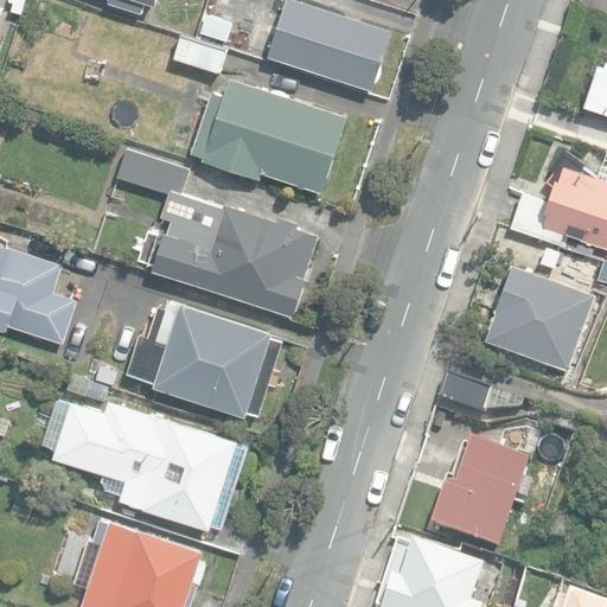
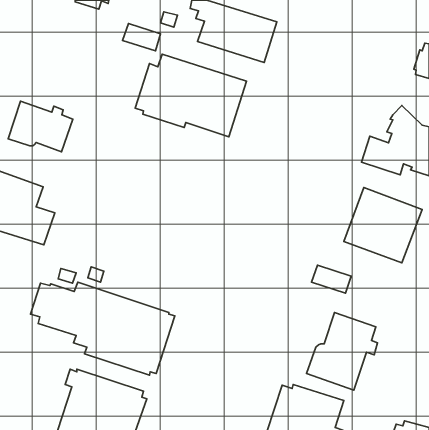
building: none -> [8,101,73,152]
building: [119,148,314,317] -> none
building: [151,300,279,417] -> none

